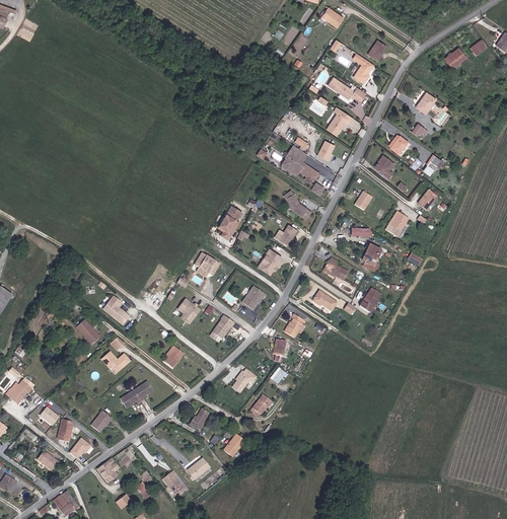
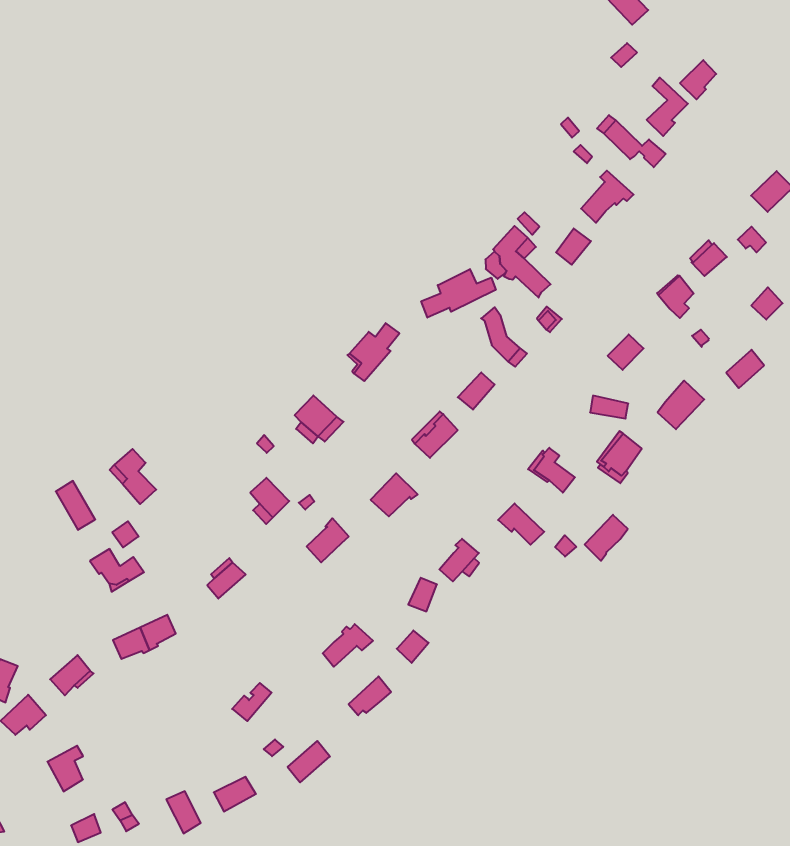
building: none -> [421,269,496,318]

